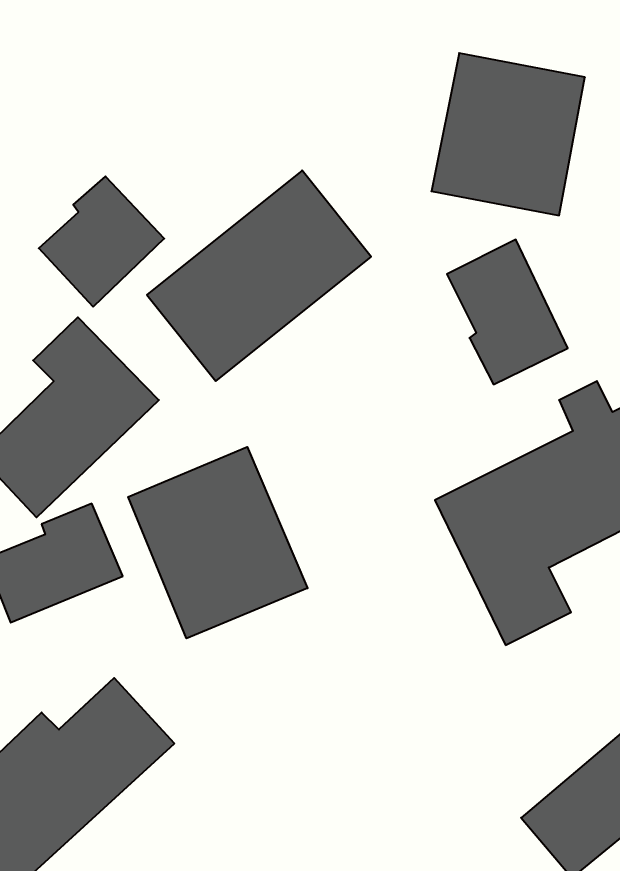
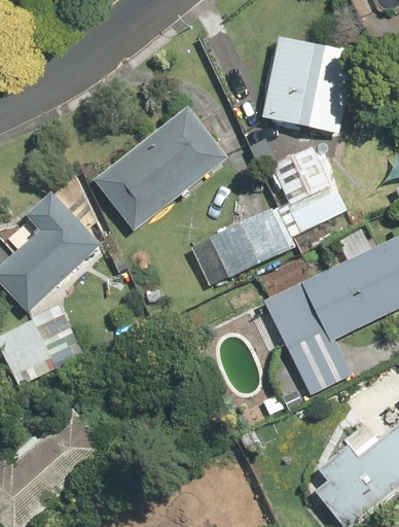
building: [39,176,164,307] -> none
building: none -> [191,209,292,284]
building: [128,447,308,638] -> none

